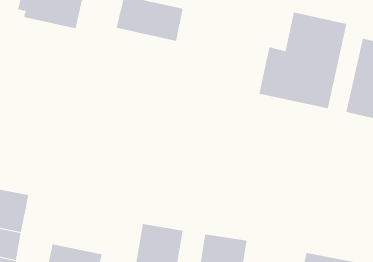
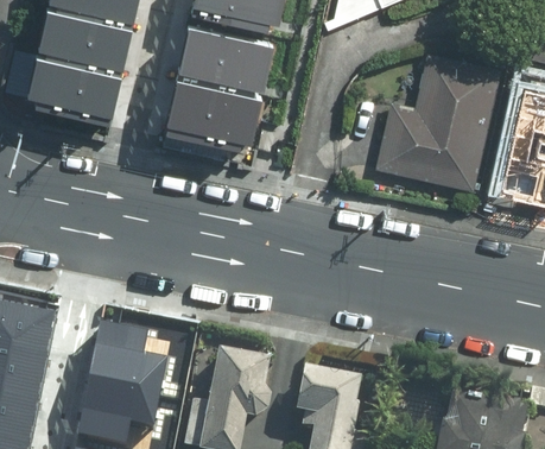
building: none -> [30,57,122,124]
building: none -> [165,82,261,151]
building: none -> [88,318,166,393]

